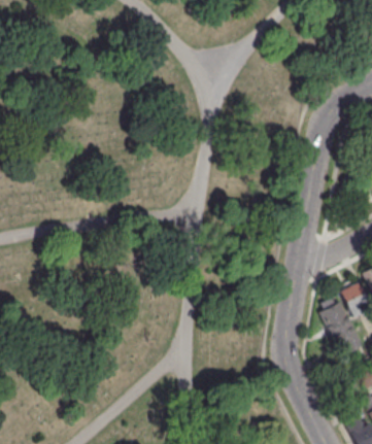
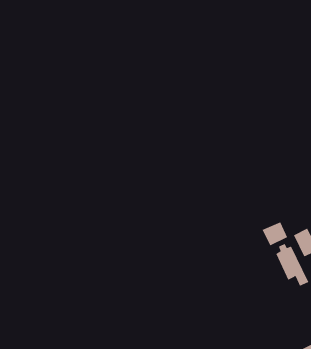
building: none -> [262,222,288,246]

